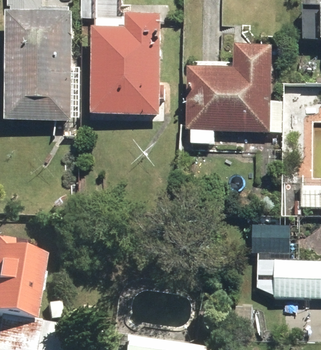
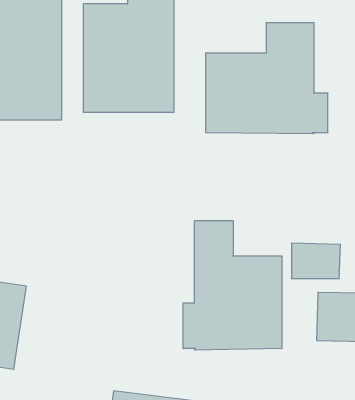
building: none -> [183,221,282,350]

